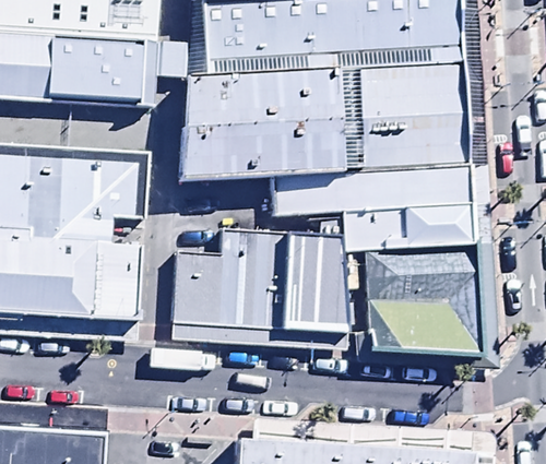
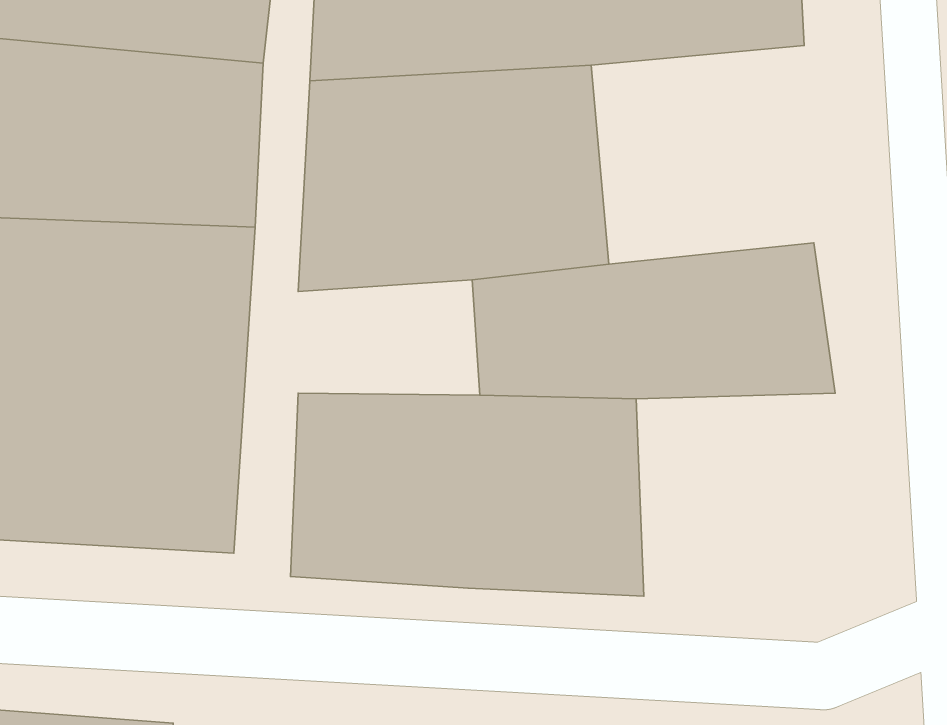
building: [336,47,461,169] -> none
building: [361,241,479,356] -> none

